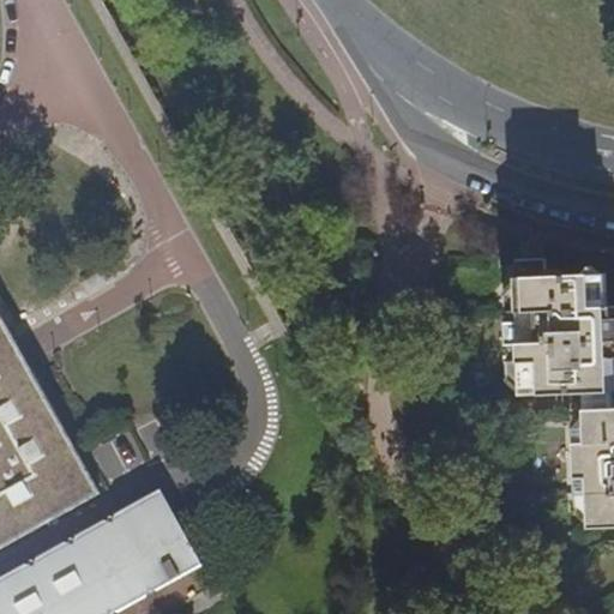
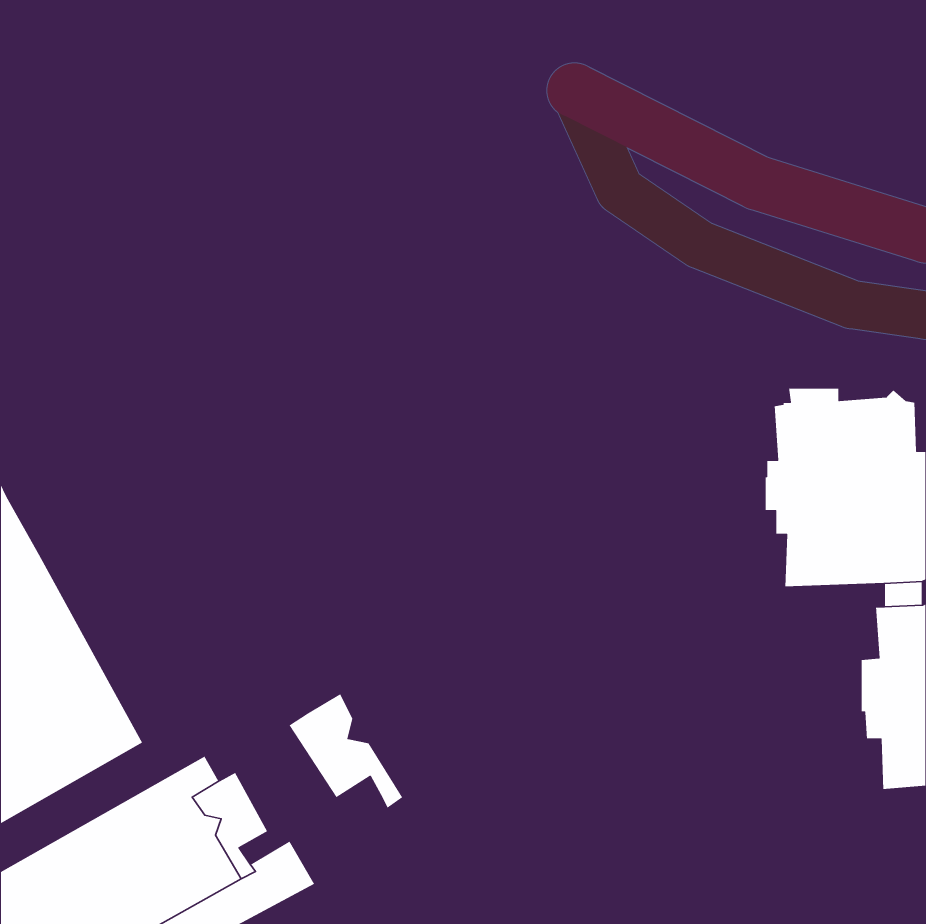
building: none -> [288,693,403,809]

